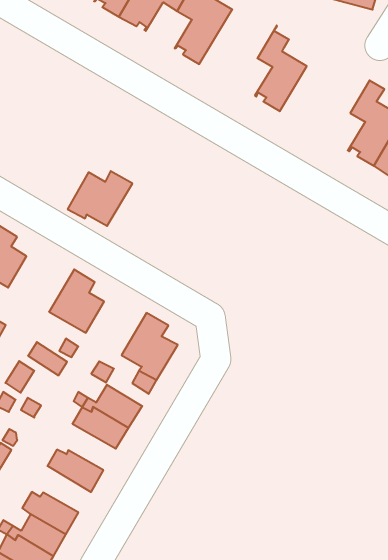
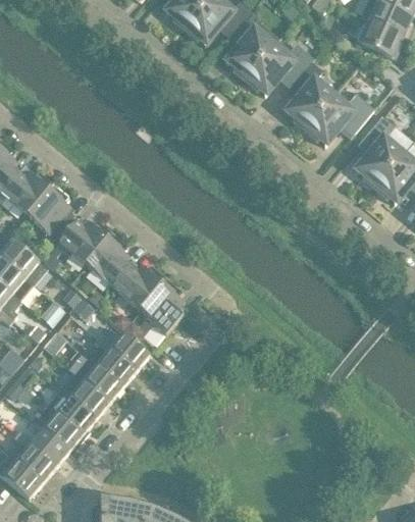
building: none -> [243,45,312,96]
building: none -> [303,94,372,146]
building: [68,171,132,226] -> [54,218,111,265]
building: none -> [112,264,165,311]
building: none -> [72,361,121,404]
building: none -> [46,393,95,435]

